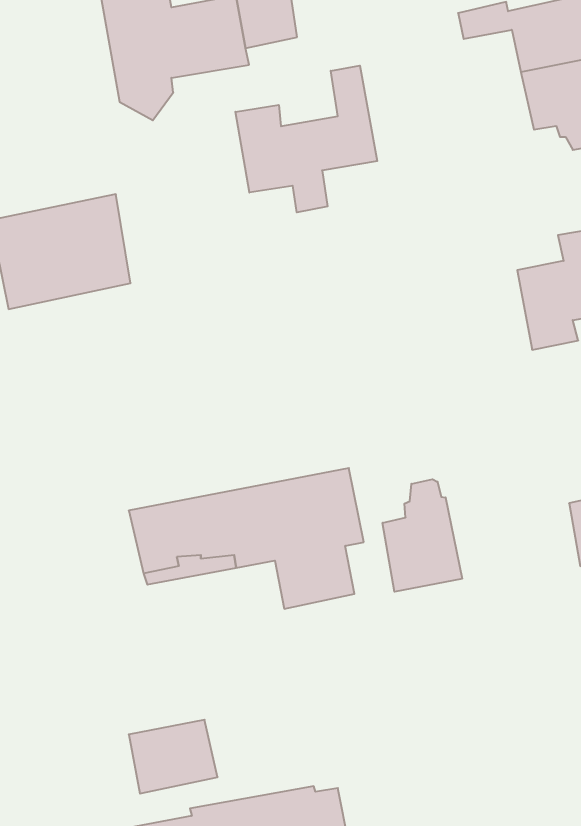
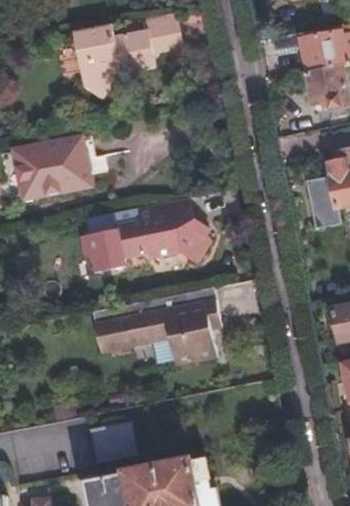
building: [235,66,377,212] -> none
building: none -> [82,197,212,273]
building: [383,479,462,592] -> none

